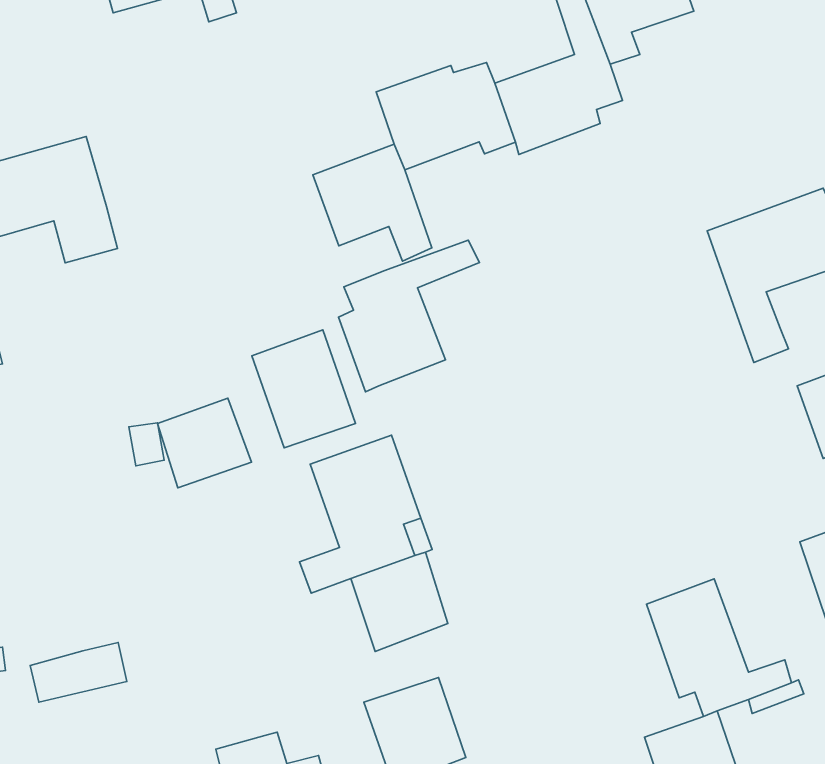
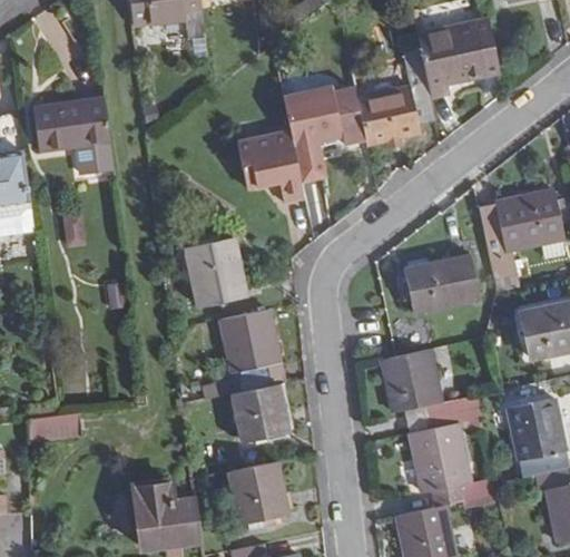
building: [338,240,480,392] -> none
building: none -> [402,254,480,313]
building: [158,398,252,488] -> none
building: none -> [383,355,480,432]

